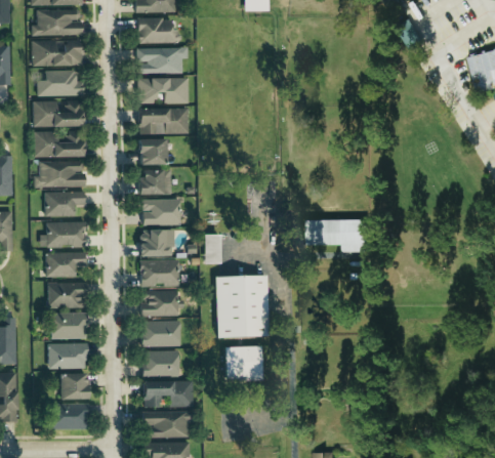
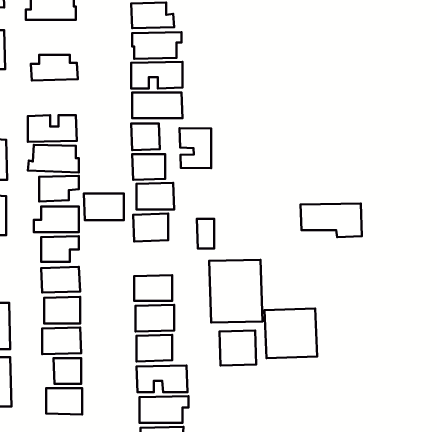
building: [31,40,82,67] -> none
building: [32,101,83,127] -> none
building: none -> [180,128,211,168]
building: [139,260,179,287] -> [84,193,124,220]
building: none -> [265,309,317,358]

